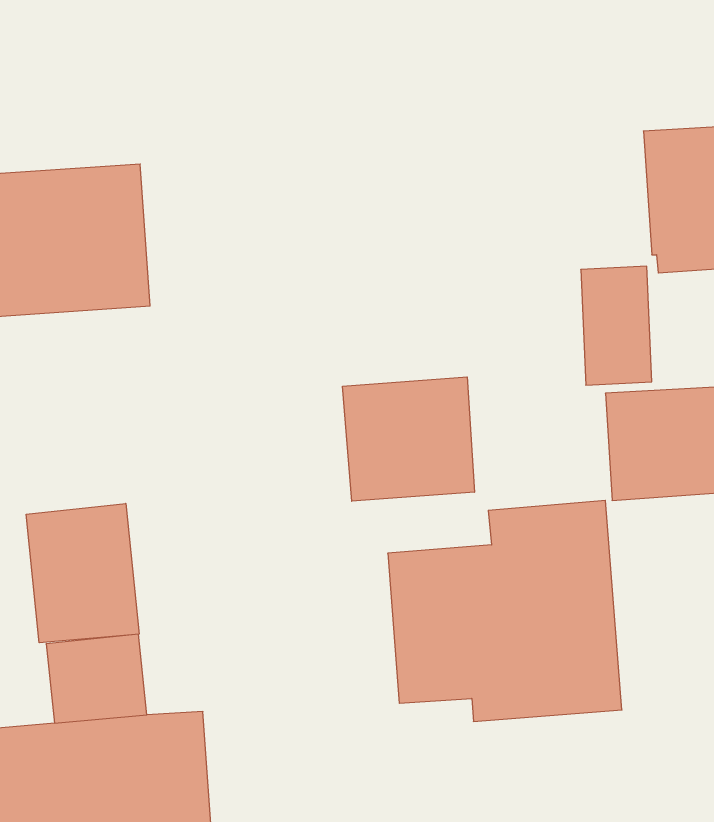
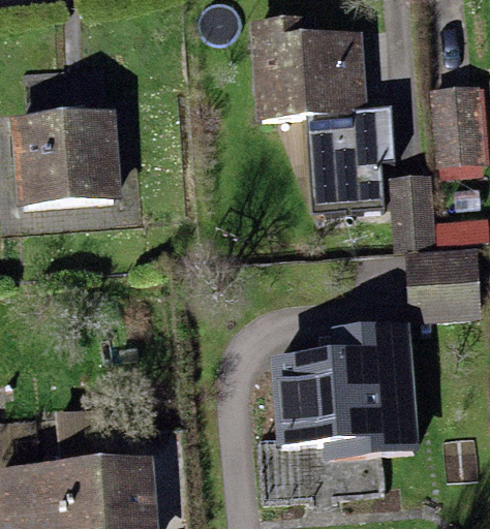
building: none -> [252,17,396,210]
building: [343,377,474,501] -> none
building: [26,503,139,643] -> none

